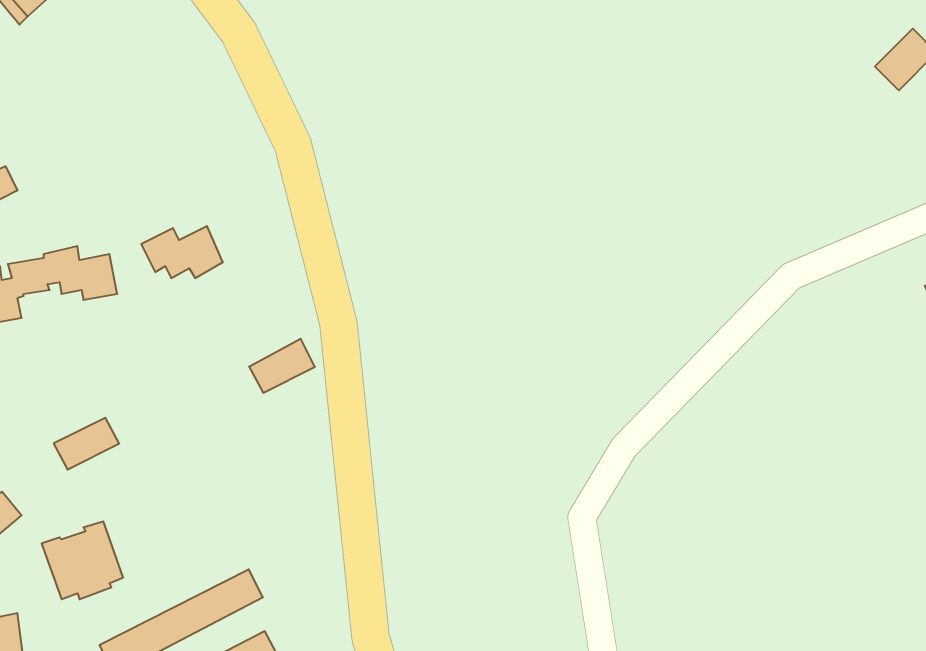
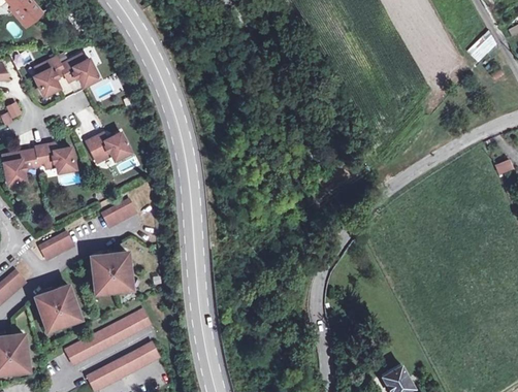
building: none -> [34,56,98,96]
building: [249,339,315,393] -> [104,199,138,227]
building: none -> [91,252,129,290]

